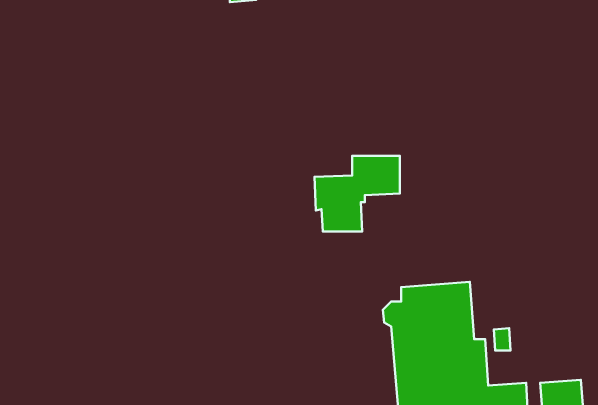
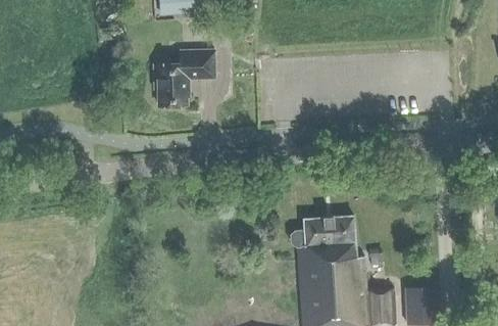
building: [314,156,400,232] -> [153,51,215,106]

